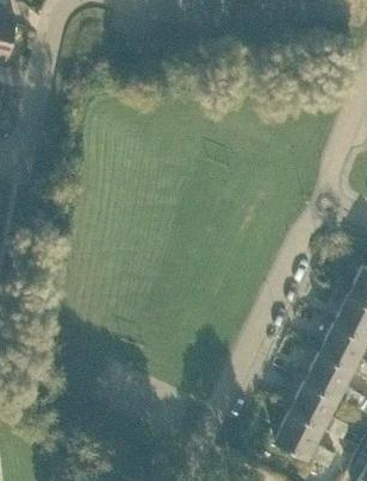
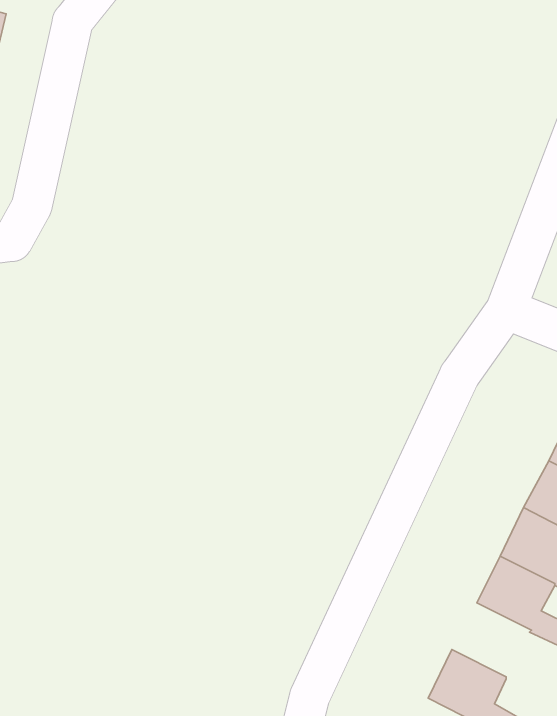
building: [288,382,348,439] -> none

